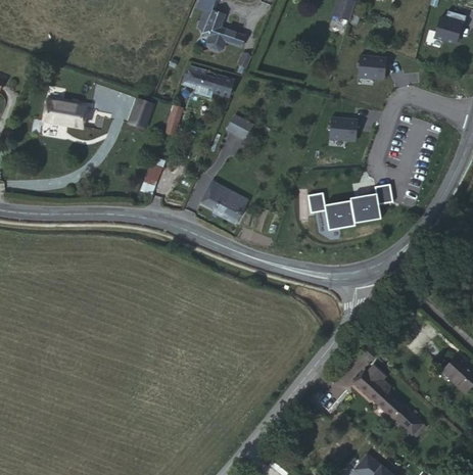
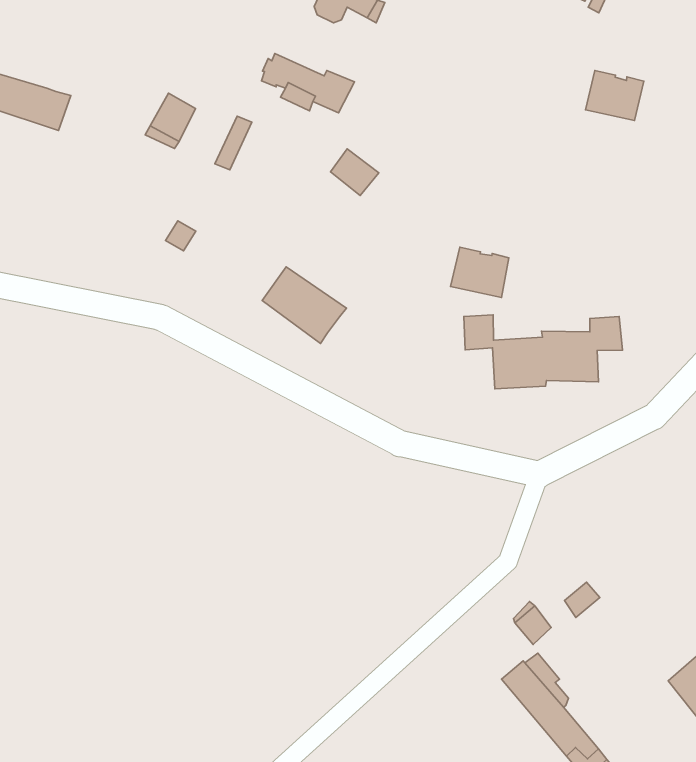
building: [329,116,358,140] -> [451,247,509,298]

